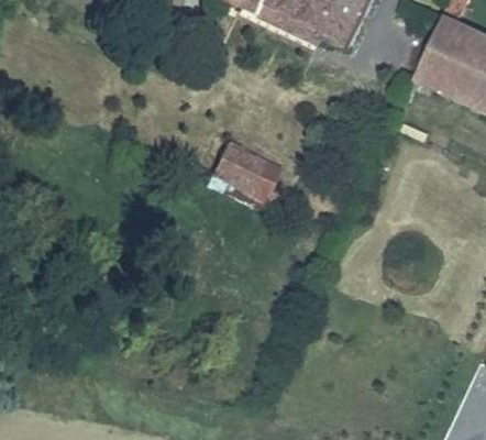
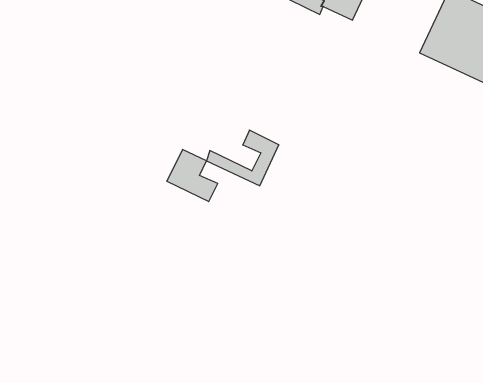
building: [211,141,261,191] -> [167,149,218,202]

